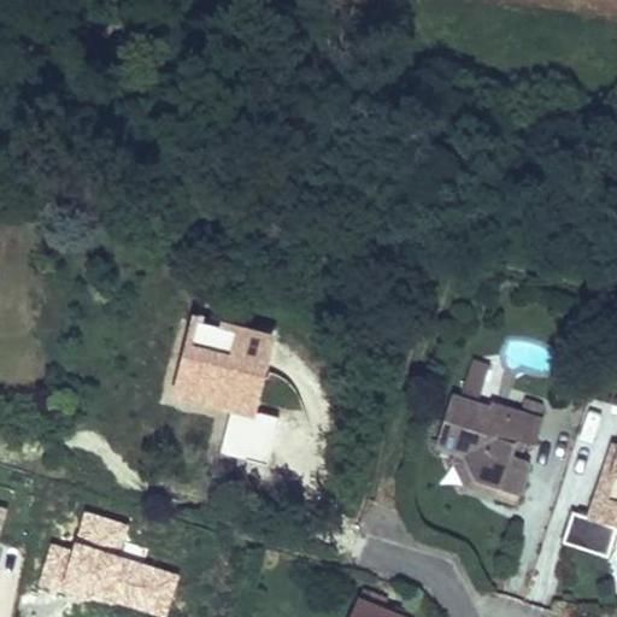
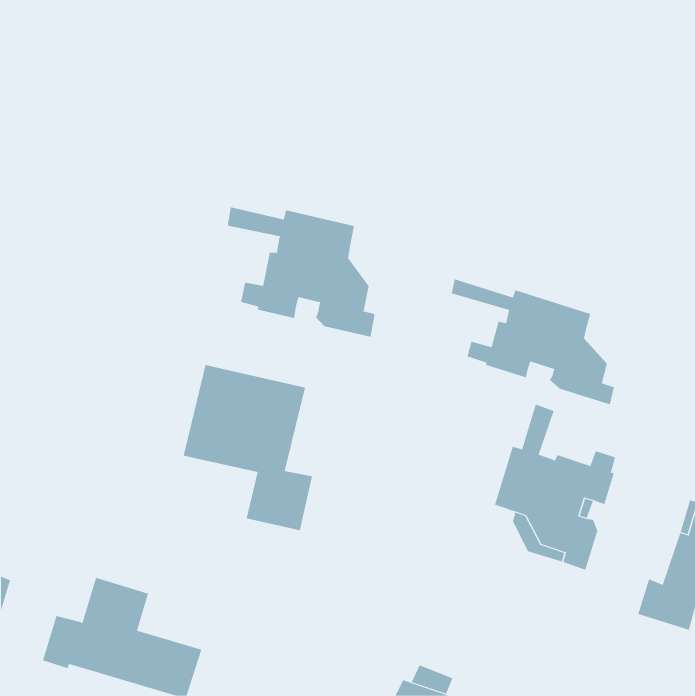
building: none -> [227,206,375,338]
building: none -> [451,279,615,405]

